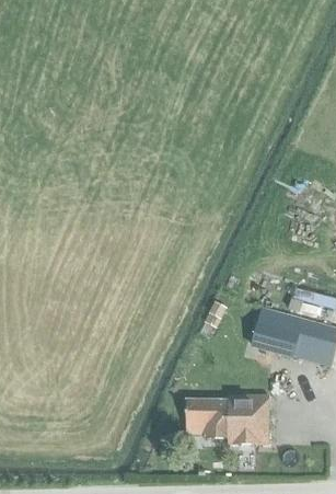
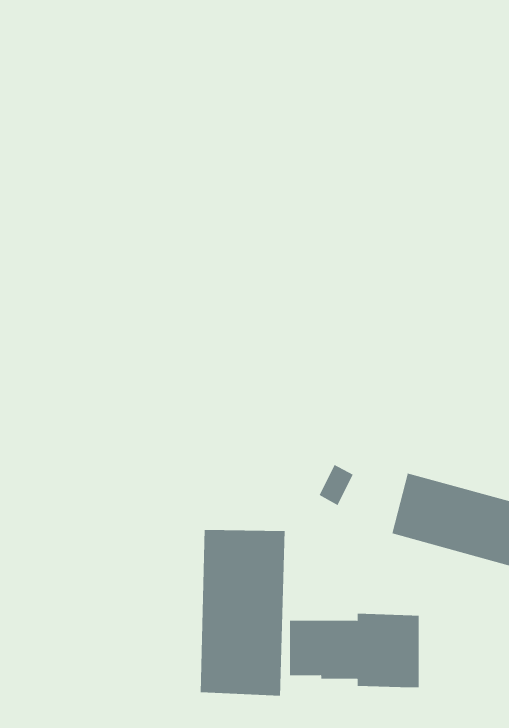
building: none -> [200,529,285,696]

